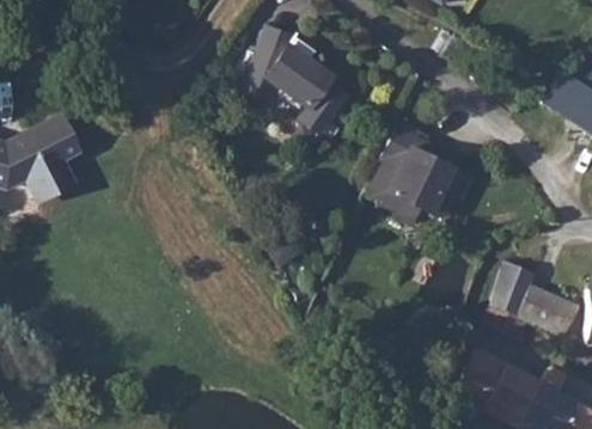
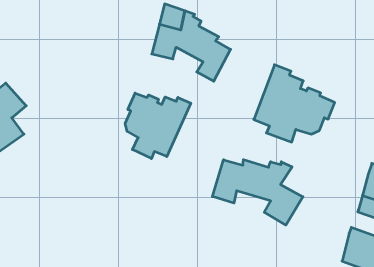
building: none -> [125,93,191,159]
building: none -> [212,160,303,225]

